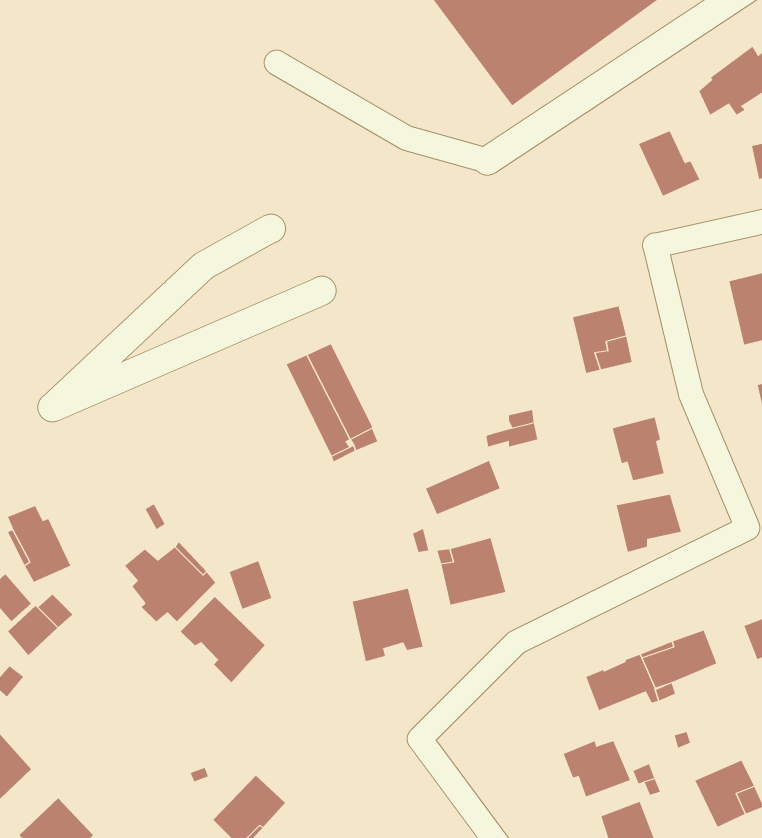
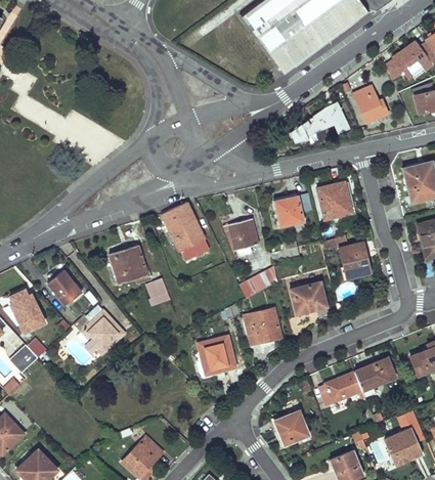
building: none -> [290,101,349,142]
building: none -> [274,197,303,227]
building: none -> [228,218,258,257]
building: none -> [112,246,147,283]
building: none -> [48,271,81,305]
building: [616,494,682,552] -> [290,282,325,314]
building: [229,560,272,609] -> [146,279,170,306]
building: [180,596,265,683] -> none
building: [563,741,631,797] -> [272,413,309,444]

